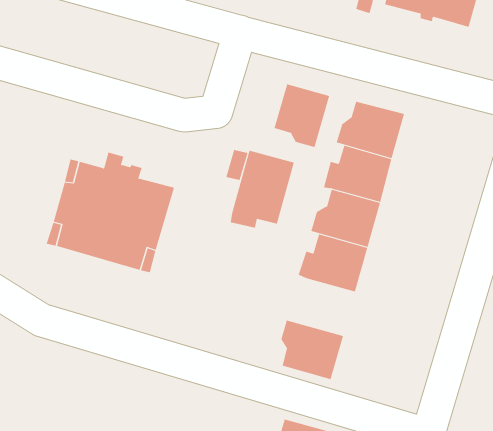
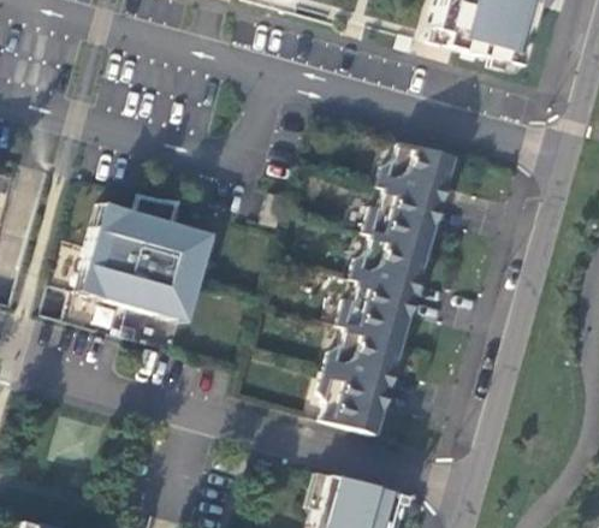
building: [274,83,330,148] -> none
building: [230,150,295,228] -> none
building: none -> [331,327,403,387]

